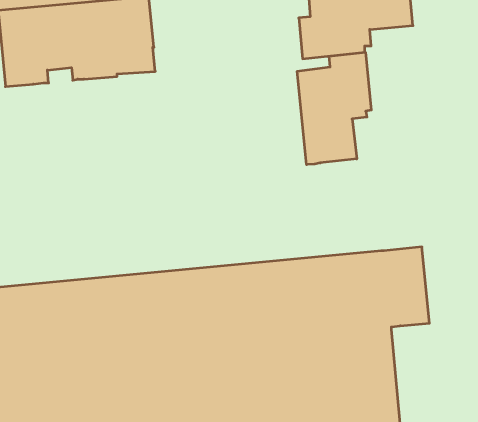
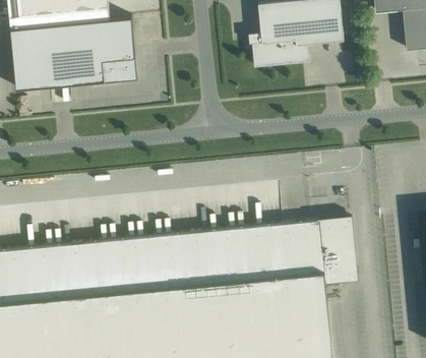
building: [297,52,371,165] -> none

